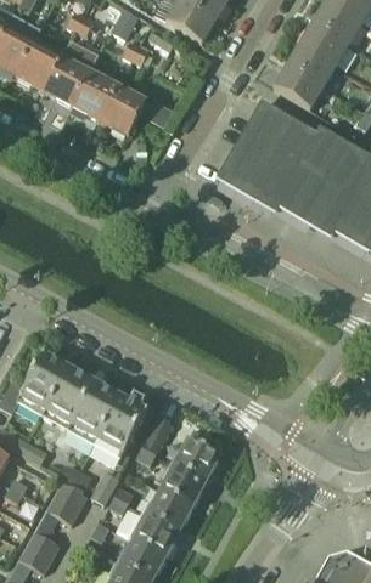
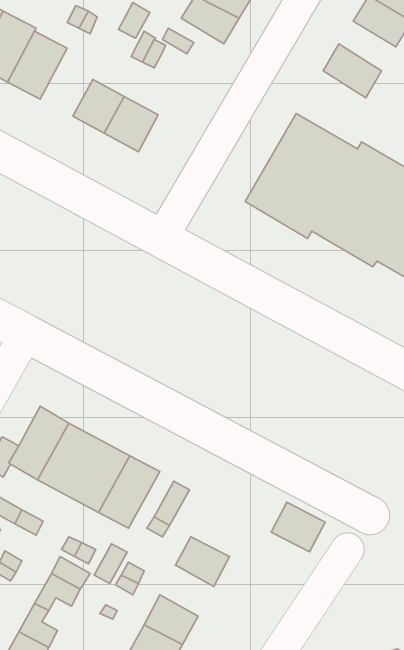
building: [299,23,348,66] -> none
building: [44,41,97,104] -> none
building: [272,66,322,108] -> none
building: [173,438,219,481] -> [271,502,325,552]
building: [146,488,192,532] -> none

